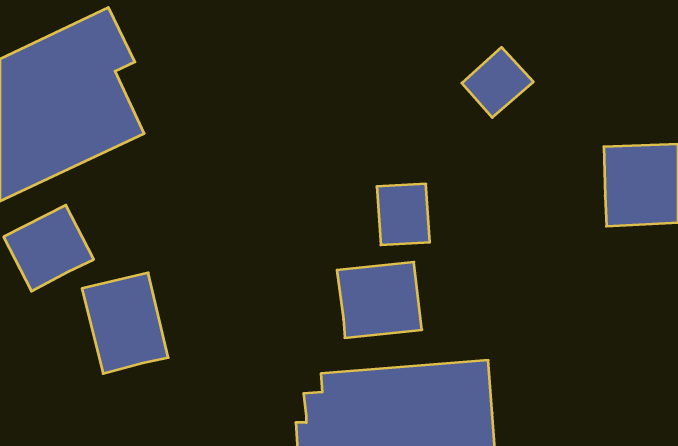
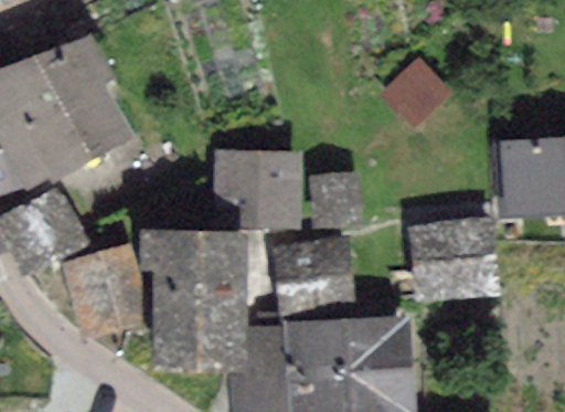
building: none -> [222,155,297,221]
building: none -> [415,222,495,292]
building: none -> [147,232,241,365]

